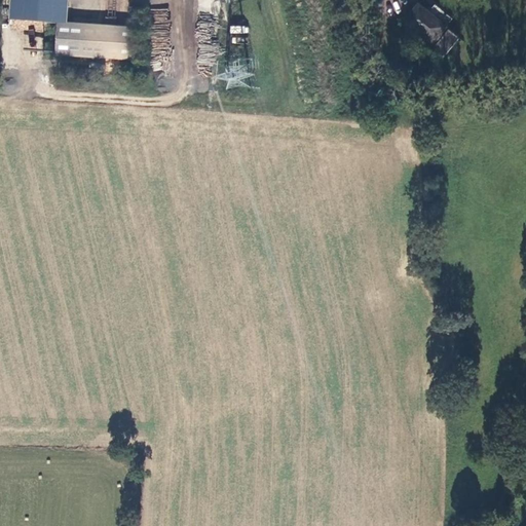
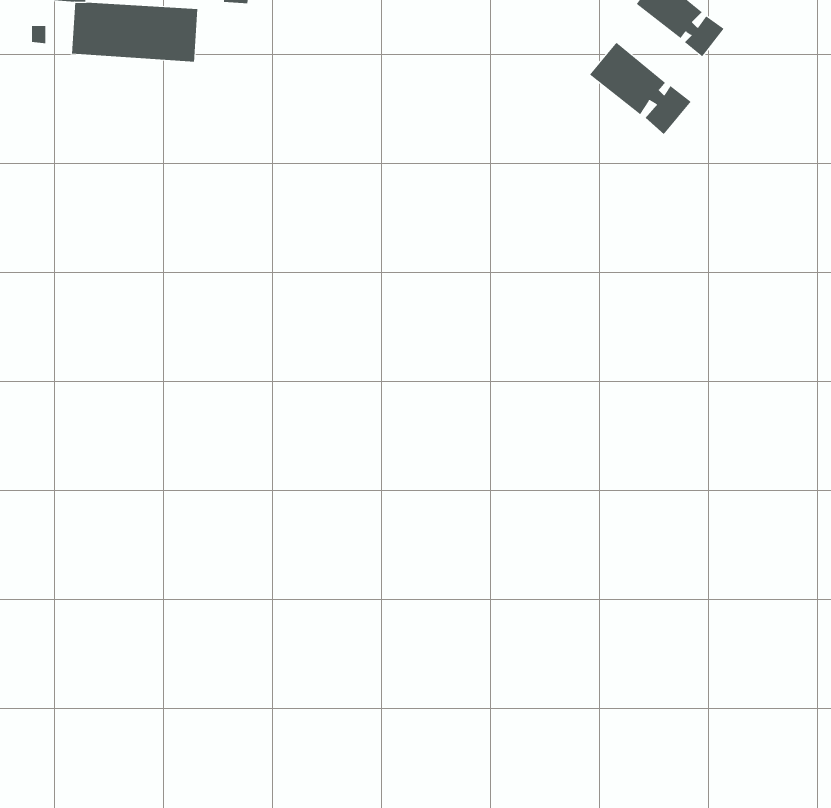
building: none -> [589,42,691,135]

